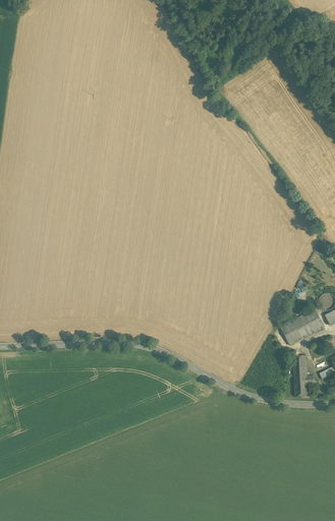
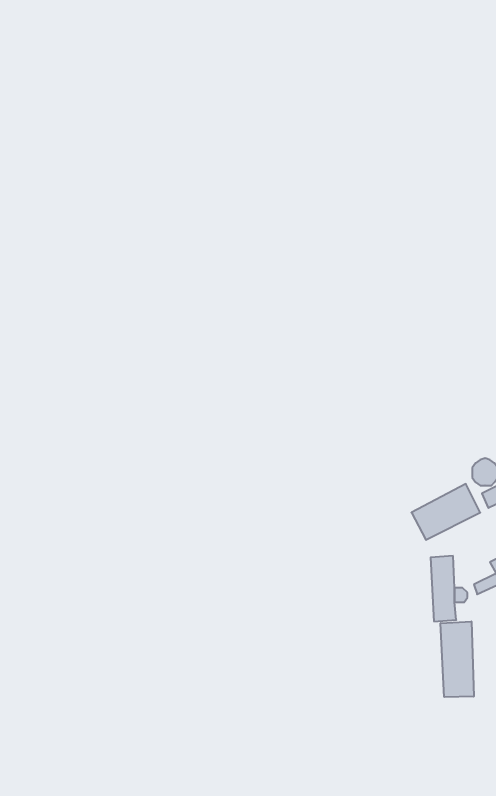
building: none -> [441,621,474,697]

